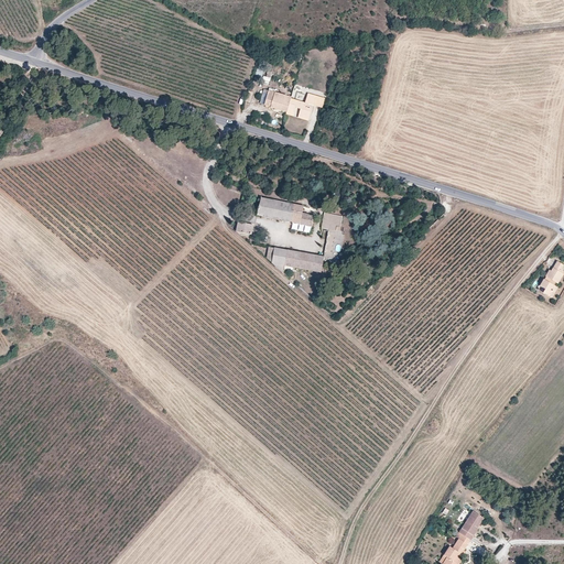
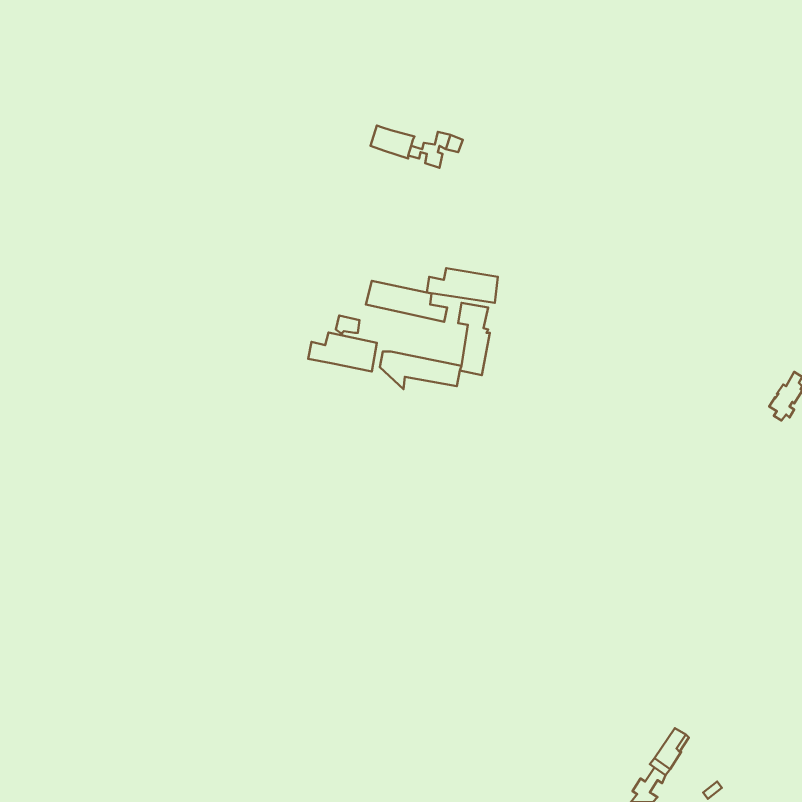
building: none -> [427,268,498,303]
building: none -> [308,332,377,372]

